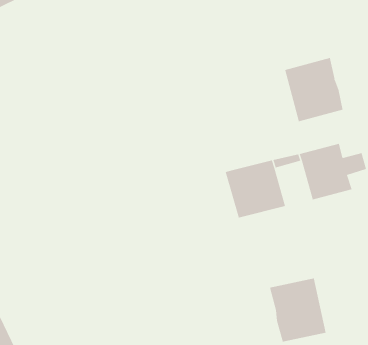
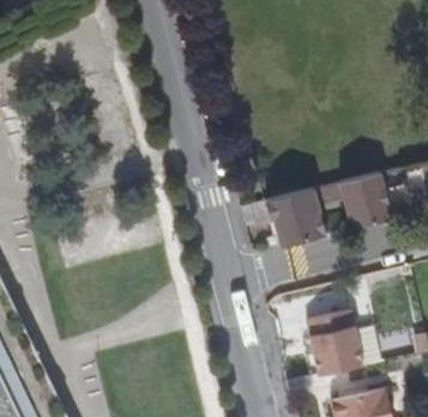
building: [285,57,343,122] -> none

